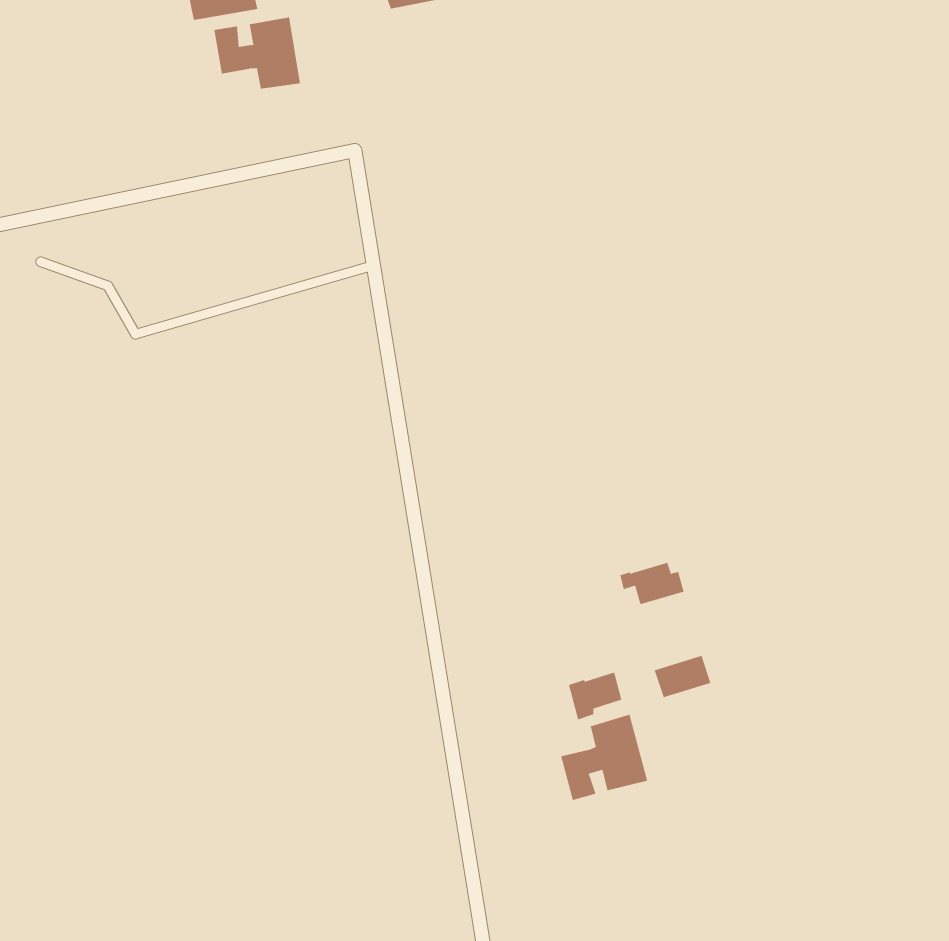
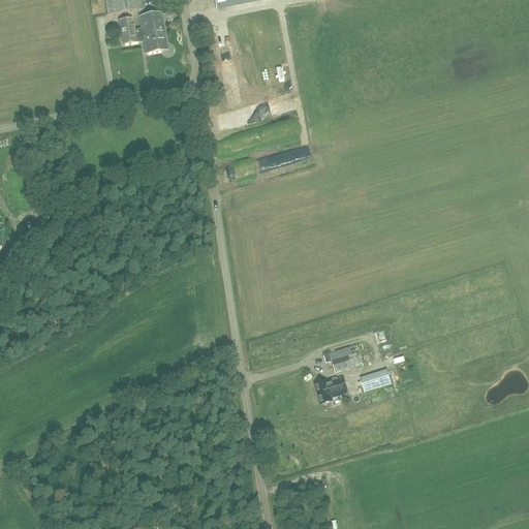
building: [620,562,685,605] -> [323,345,360,369]
building: [561,714,648,801] -> none

